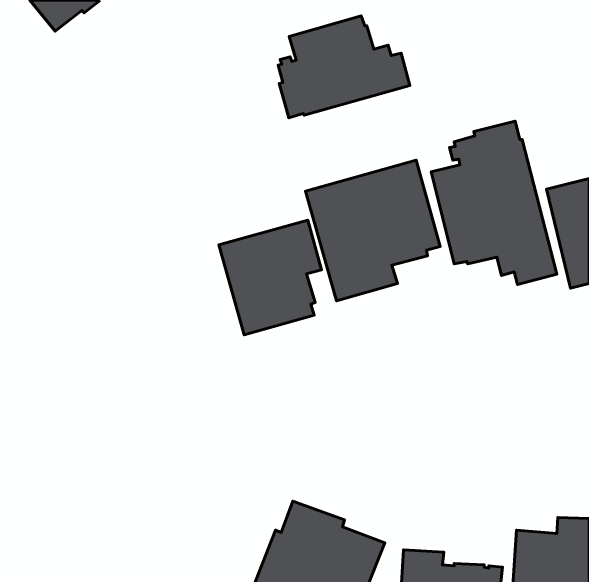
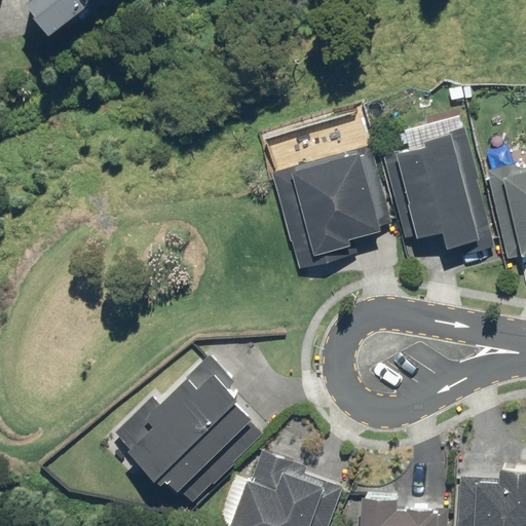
building: [278,16,410,118] -> none
building: [219,220,322,335] -> none
building: none -> [115,358,250,491]

